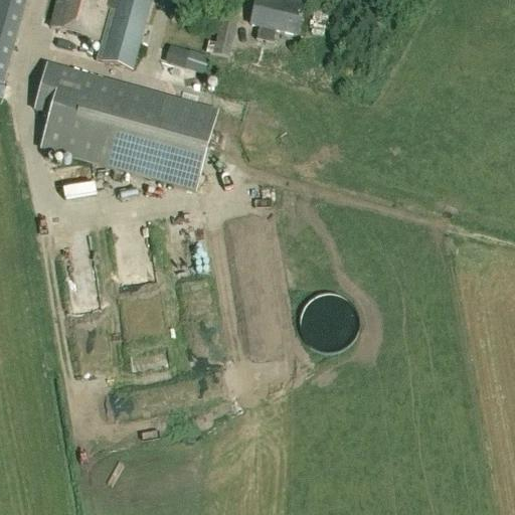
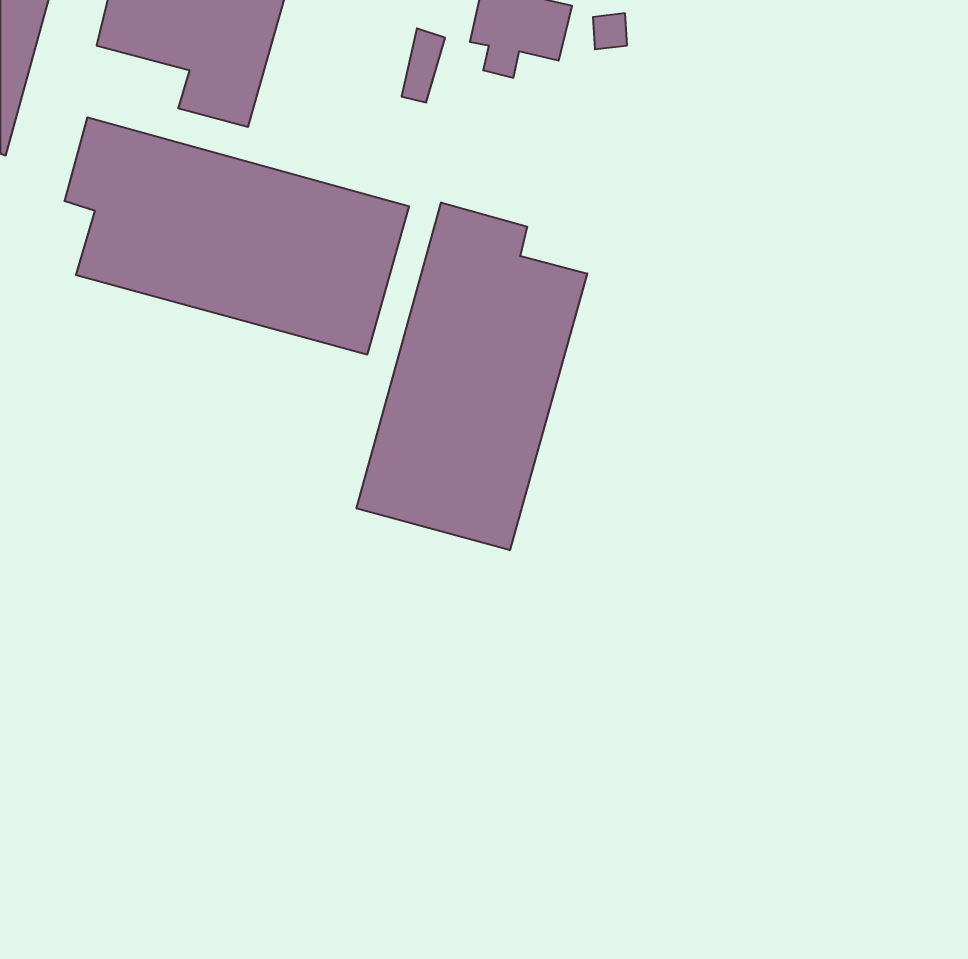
building: [165,42,198,68] -> none
building: none -> [357,202,587,550]

